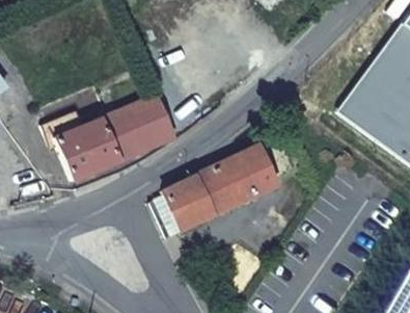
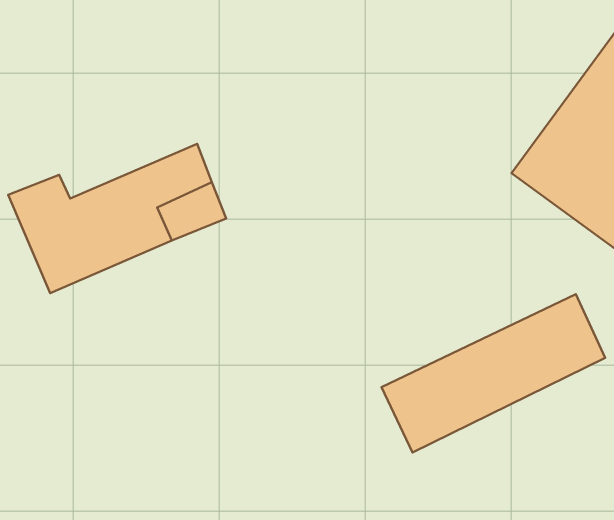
building: [160,142,288,233] -> [381,294,605,453]

